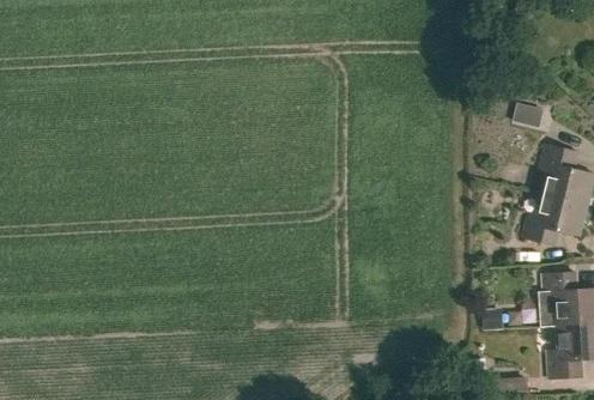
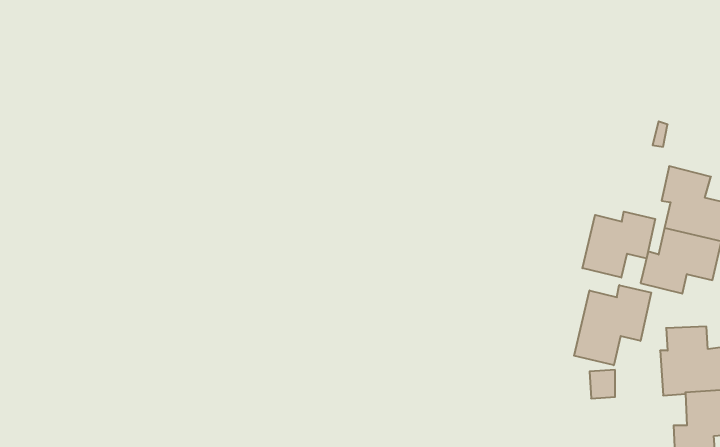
building: none -> [582,212,655,278]
building: none -> [574,285,651,365]

